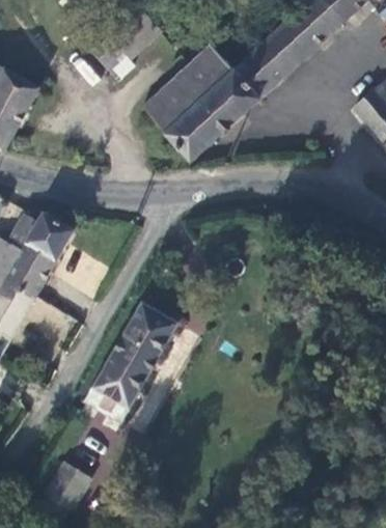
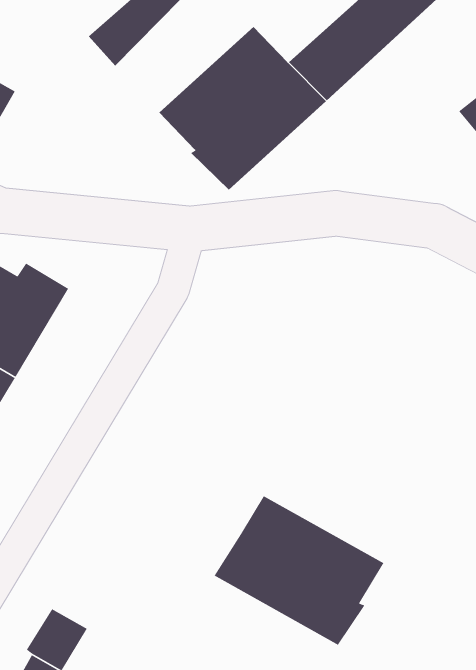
building: [85,300,181,422] -> none
building: none -> [213,495,385,646]

